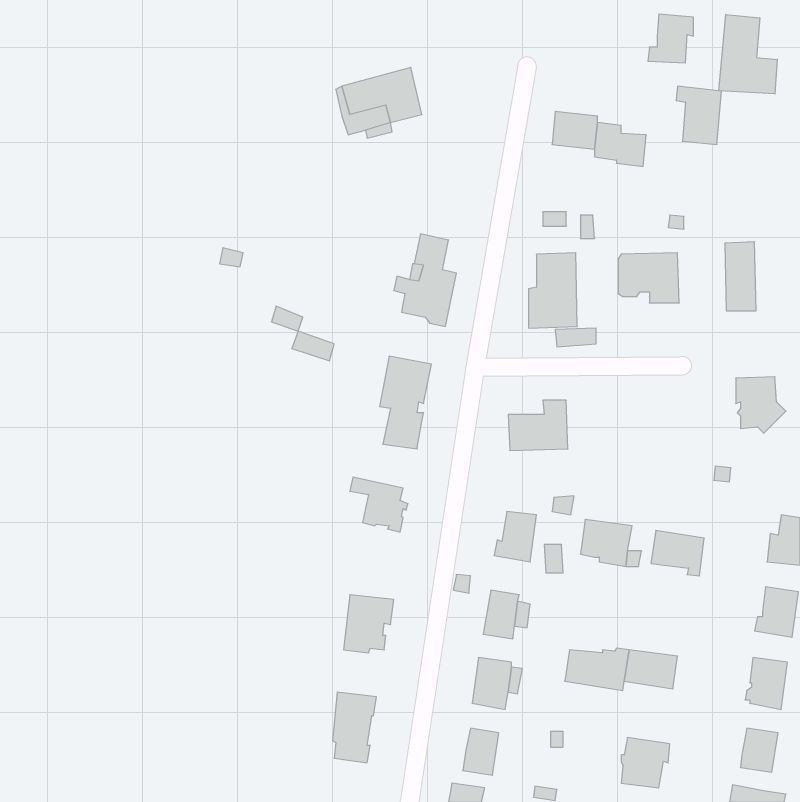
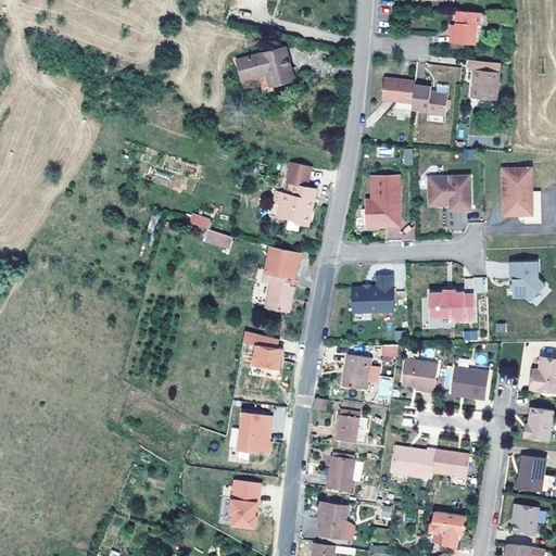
building: [719,14,777,94] -> none
building: none -> [429,289,473,321]

